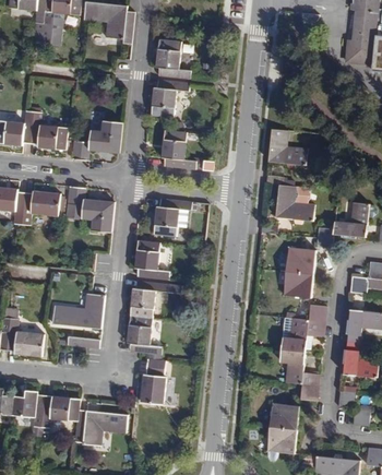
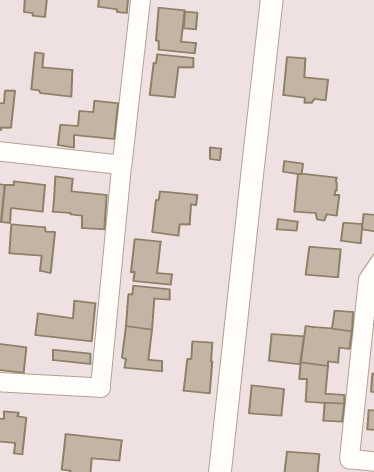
building: [29,111,65,150] -> [31,53,73,97]
building: [267,128,307,167] -> [283,57,328,103]
building: [159,130,195,169] -> none
building: none -> [10,224,55,273]
building: [283,271,313,297] -> [269,334,304,364]
building: [139,359,164,404] -> [183,342,212,393]
building: [39,395,77,427] -> none
building: [268,401,299,427] -> [249,385,284,416]

